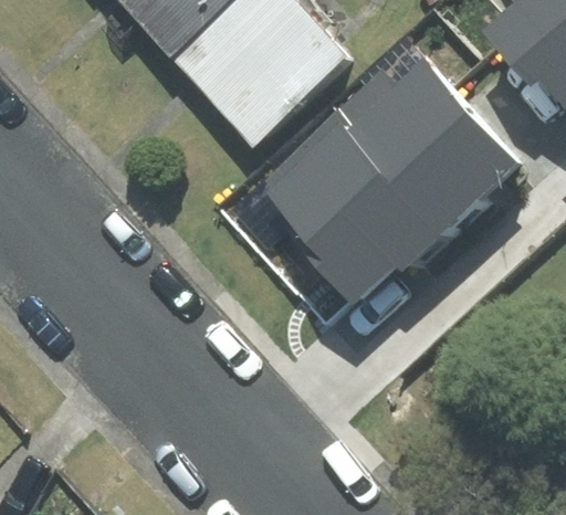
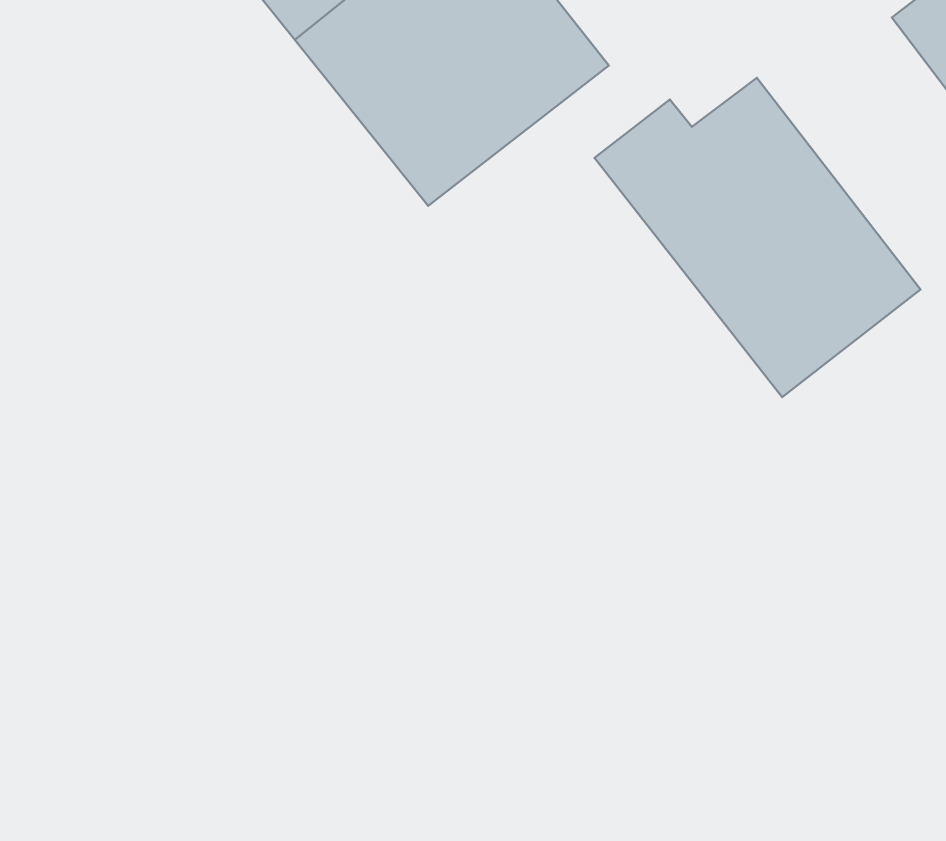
building: [256,109,451,307] -> none

